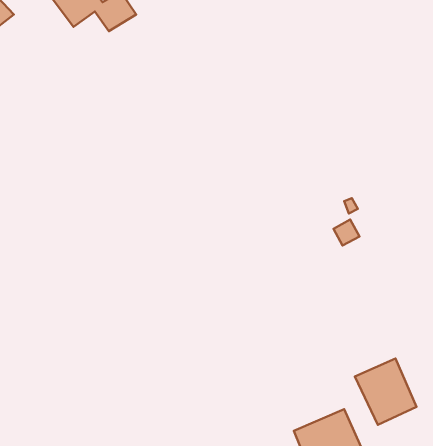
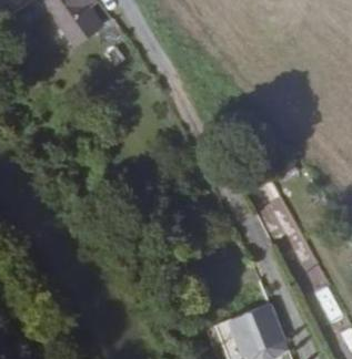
building: [355,358,417,425] -> none

